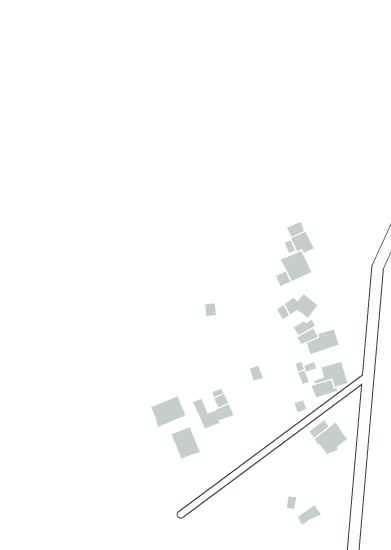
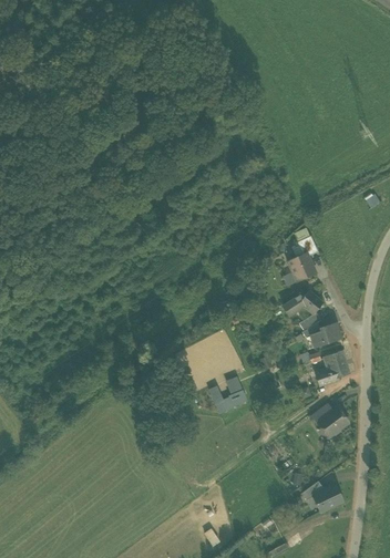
building: [150,396,186,428] -> none
building: [171,427,201,460] -> none
building: none -> [312,486,342,513]

